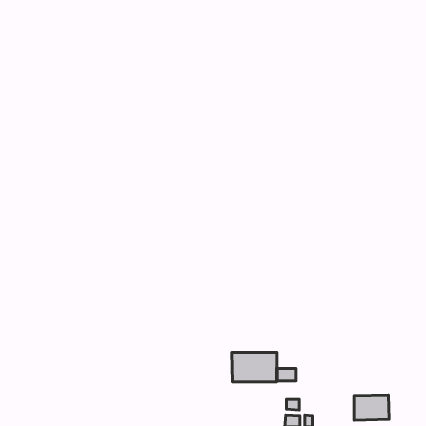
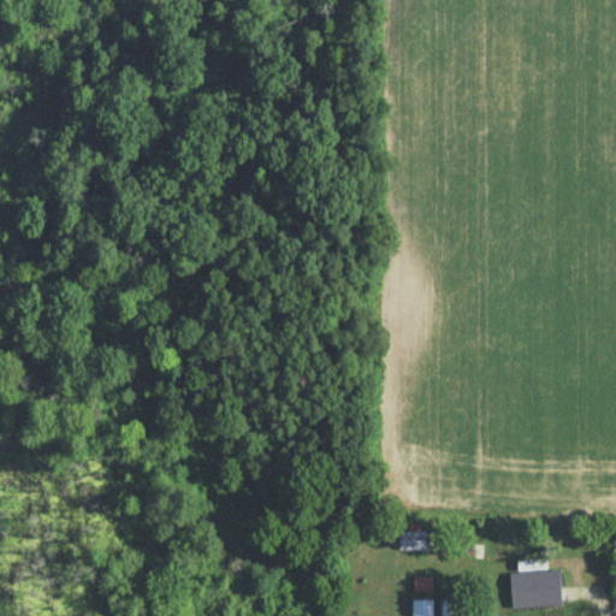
building: [232,353,277,382] -> none

